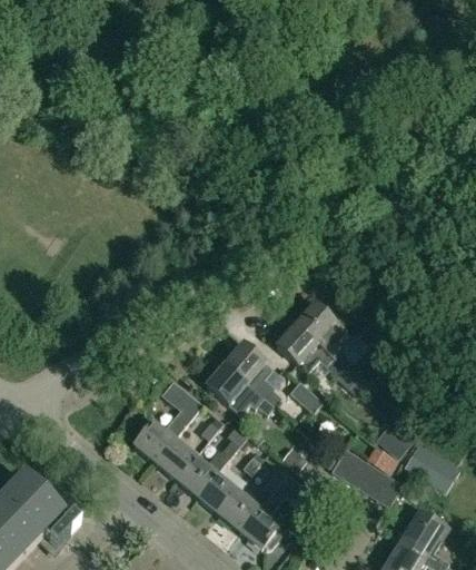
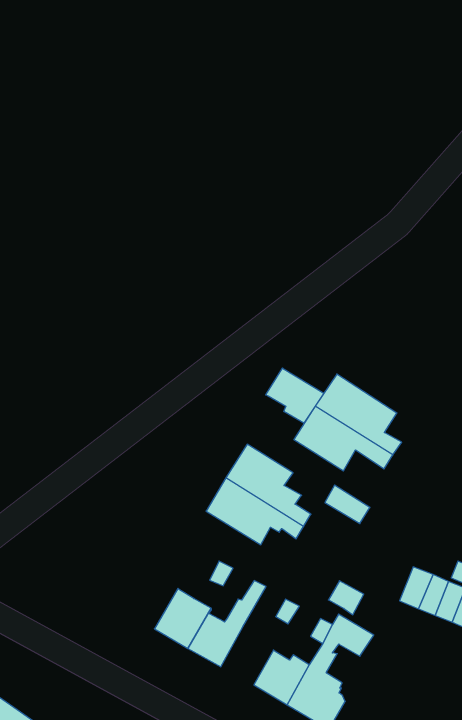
building: none -> [266,368,324,423]
building: [135,380,201,461] -> none
building: [198,470,240,512] -> none

